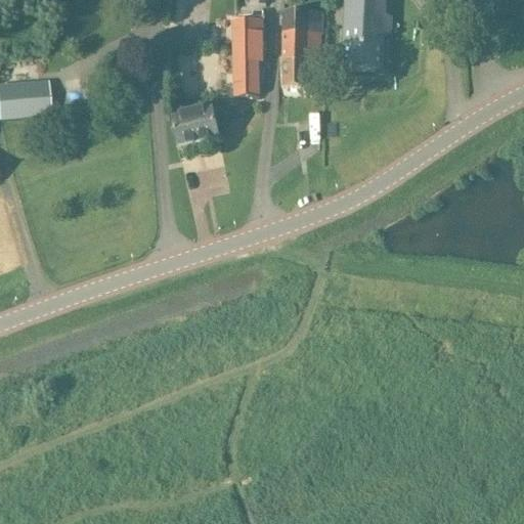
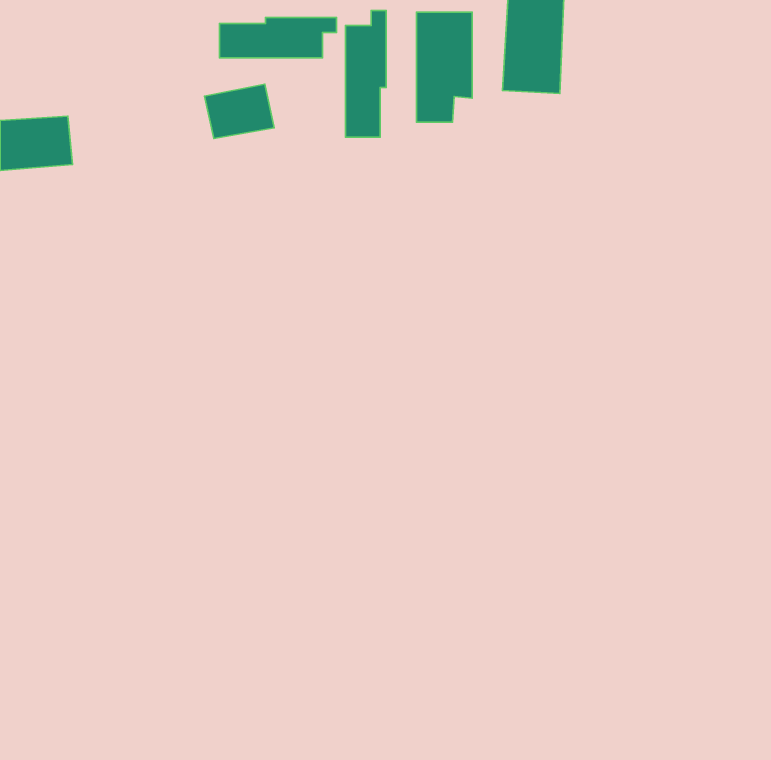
building: none -> [219,17,336,58]
building: [172,107,219,144] -> [205,84,274,138]

